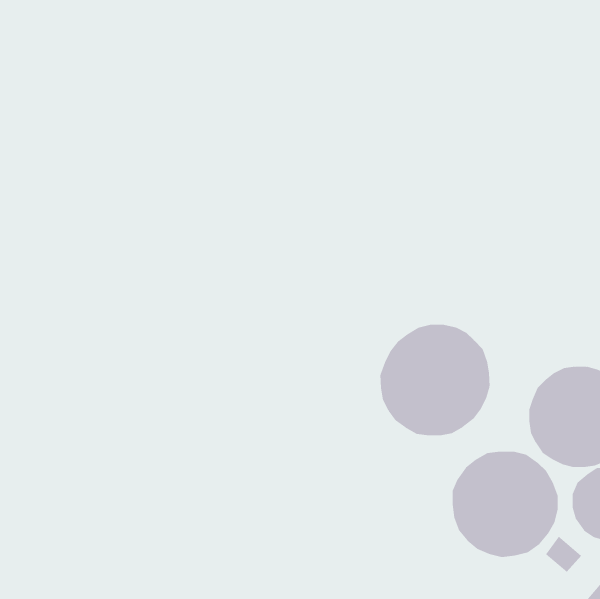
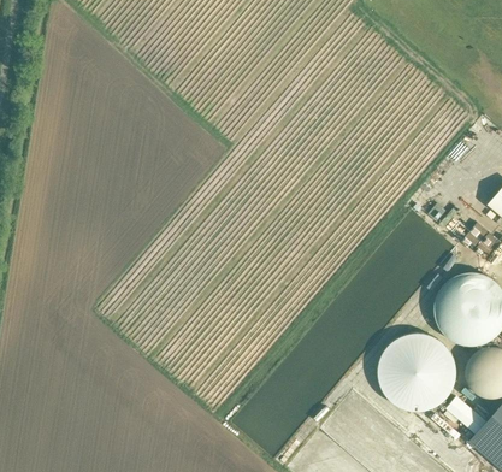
building: [380,324,490,436] -> none

